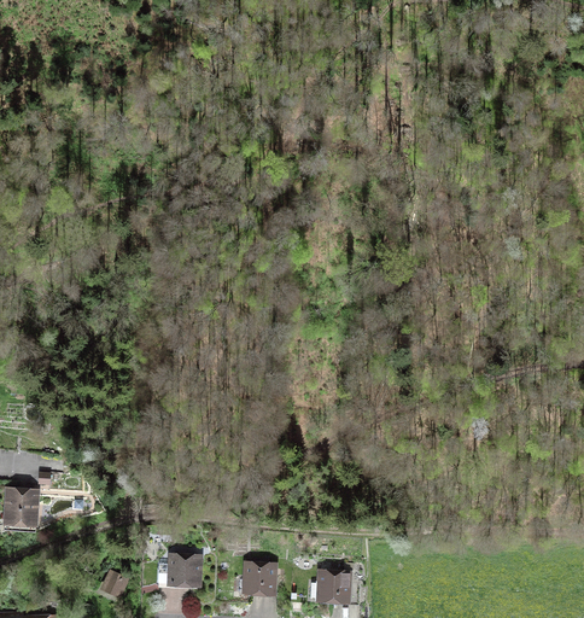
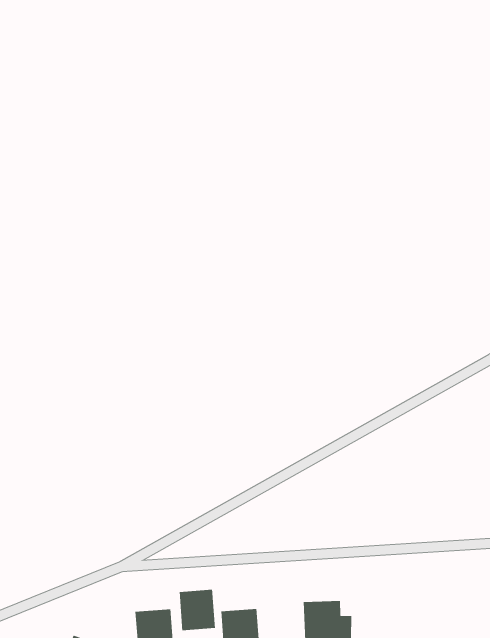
building: none -> [179,589,215,631]

